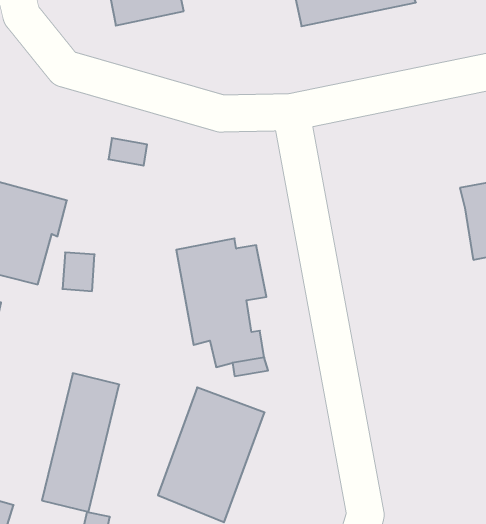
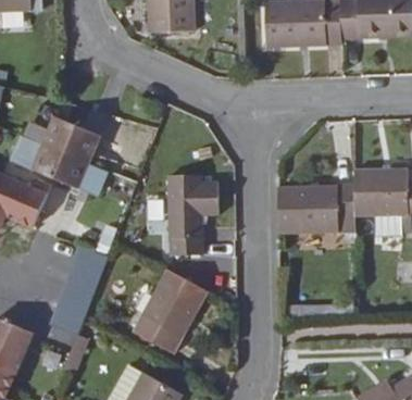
building: none -> [276,182,354,232]

